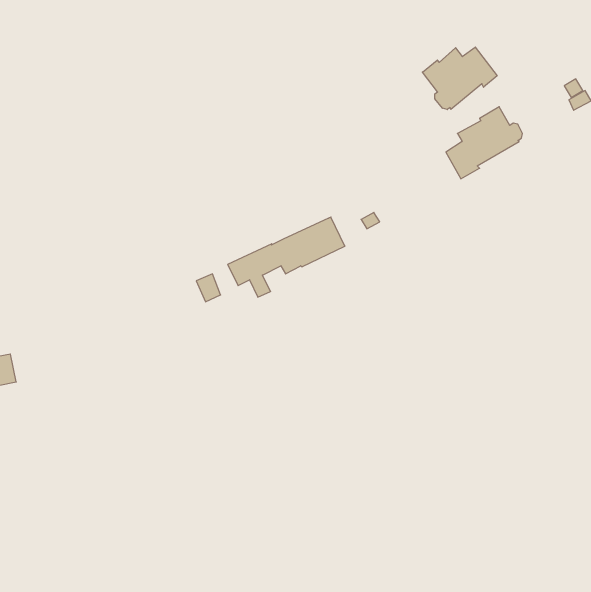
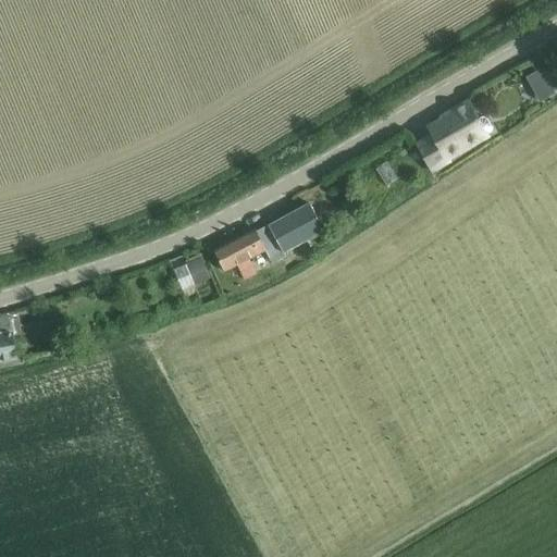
building: [422,47,497,110] -> none

